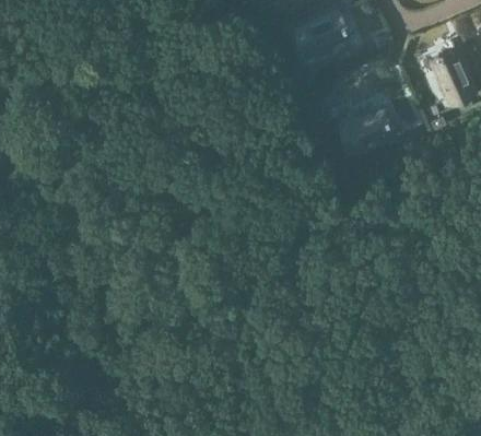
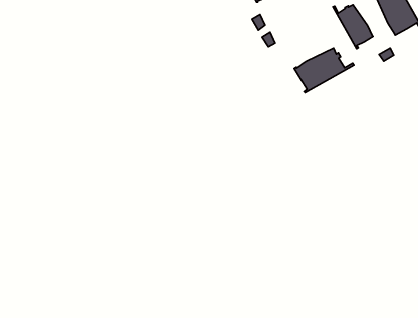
building: none -> [333,5,373,49]

